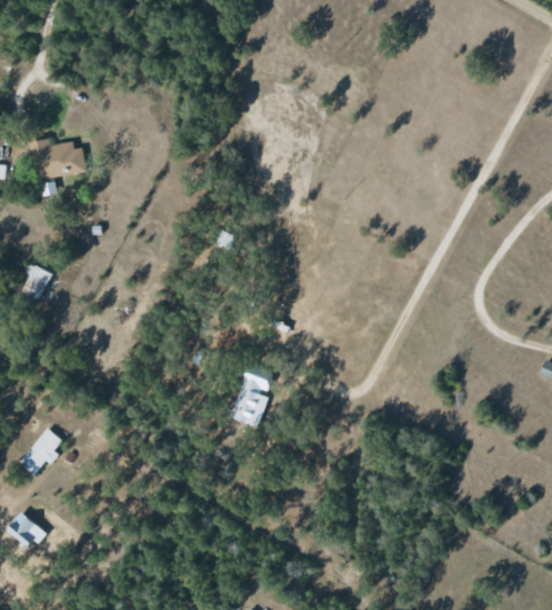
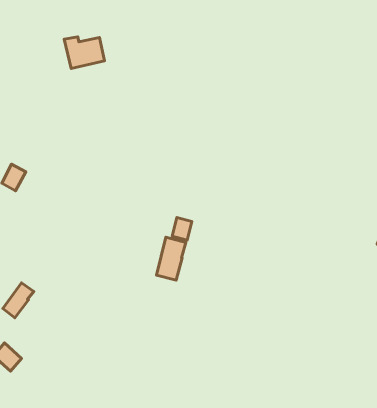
building: [30,138,86,182] -> [64,37,105,69]
building: none -> [172,218,192,240]

